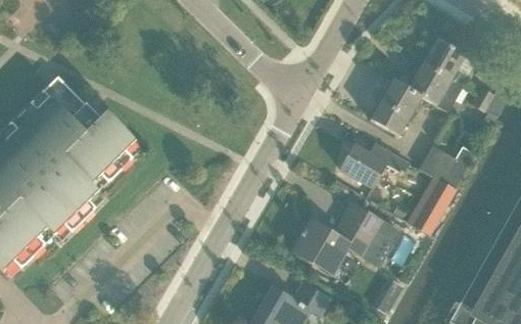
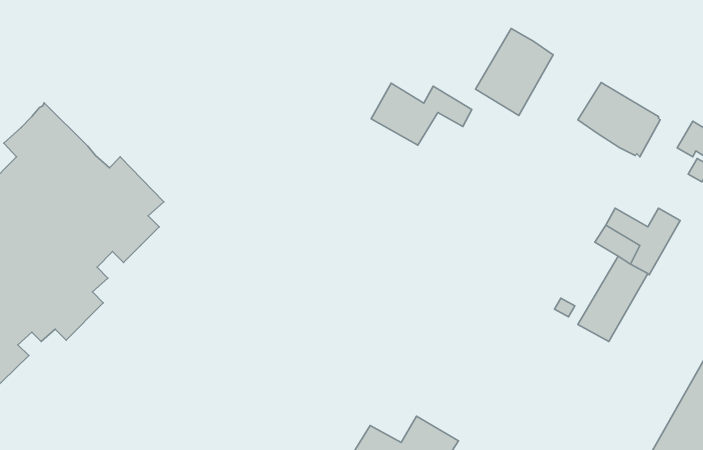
building: [424,37,467,79] -> none
building: [371,79,422,136] -> [475,29,553,115]
building: [340,146,407,187] -> [371,83,472,145]
building: [292,202,400,274] -> none

